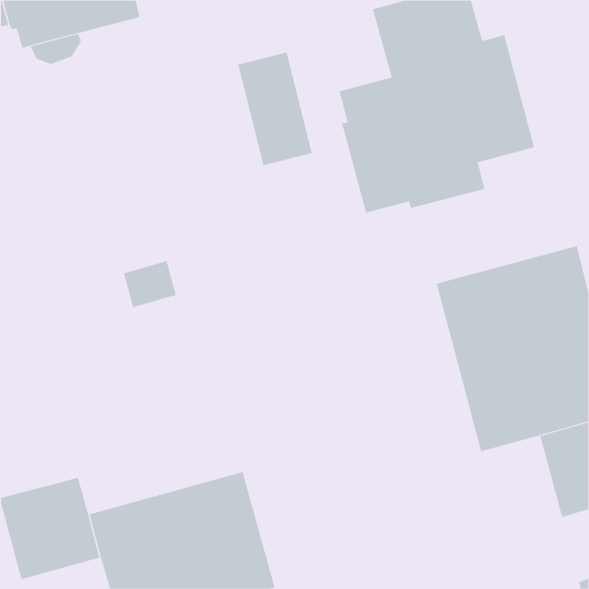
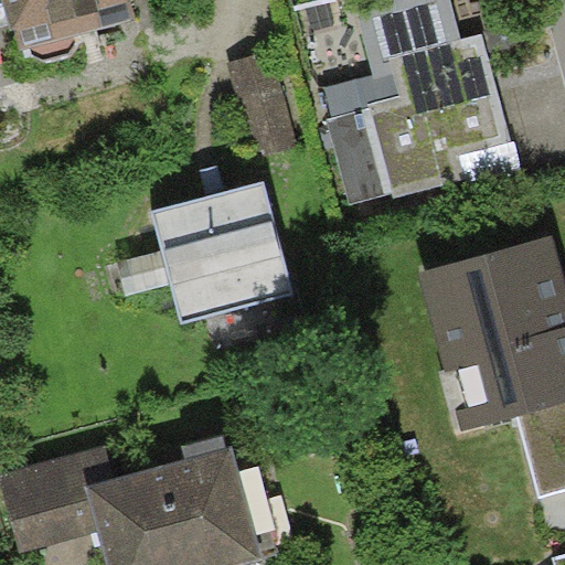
building: none -> [151,180,295,321]

